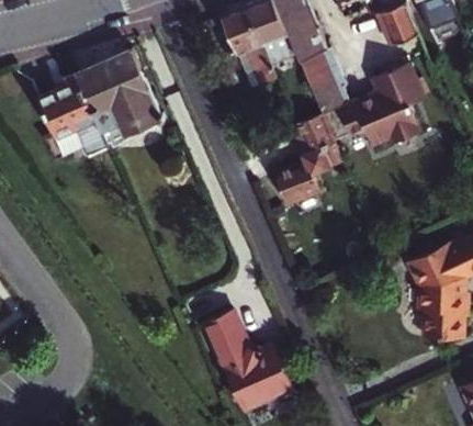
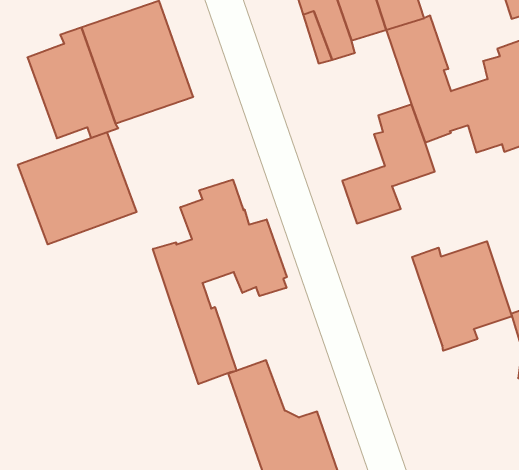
building: none -> [18,132,137,244]
building: none -> [153,180,287,384]
building: none -> [412,241,512,351]

